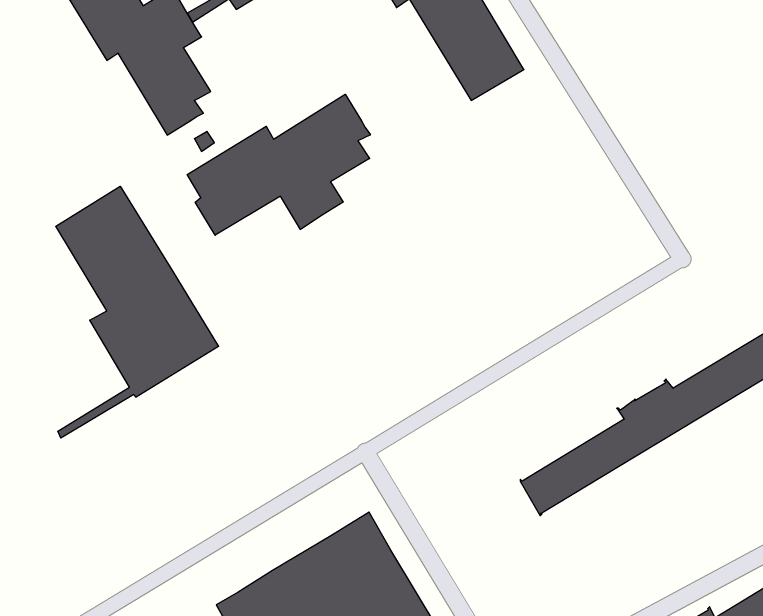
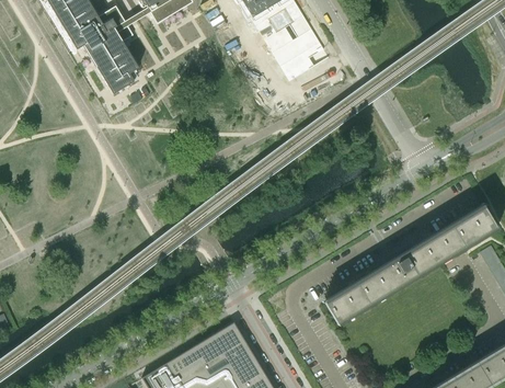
building: [187,94,370,235] -> none
building: [56,186,219,438] -> none

